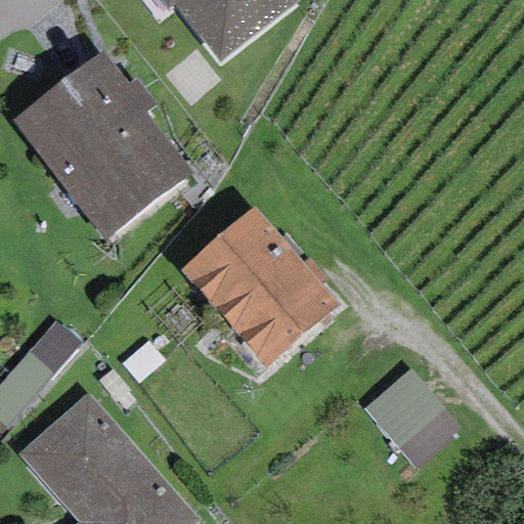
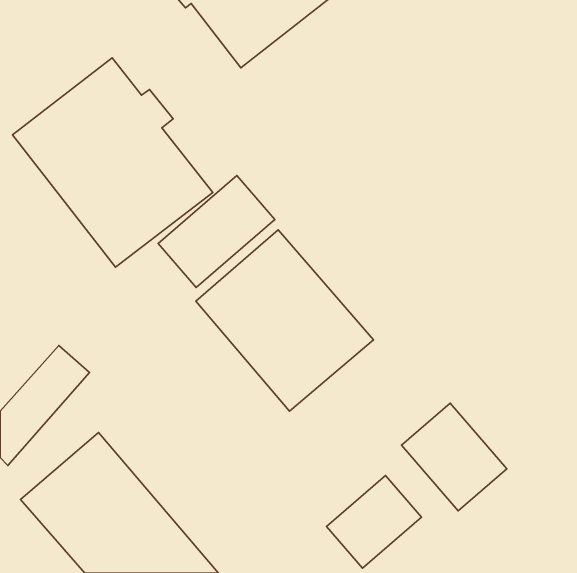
building: none -> [158,176,275,288]
building: none -> [326,475,421,568]

